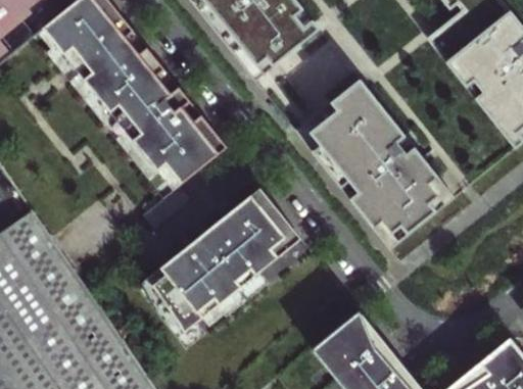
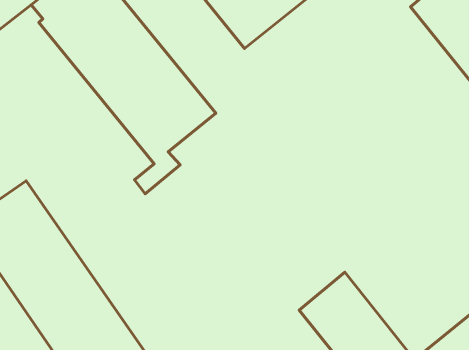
building: [297,78,456,245] -> none
building: [138,186,302,338] -> none

